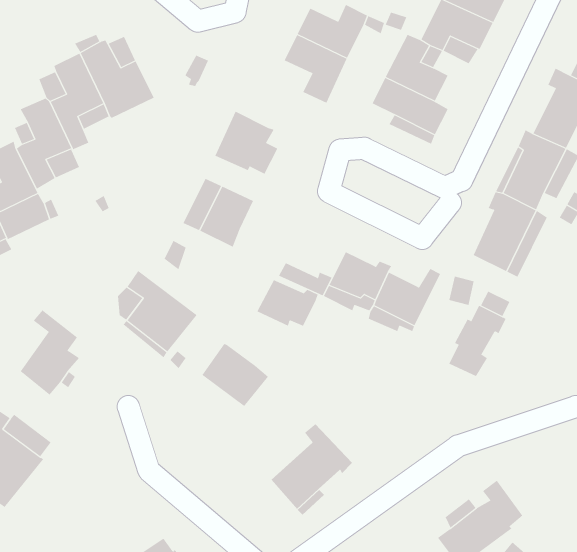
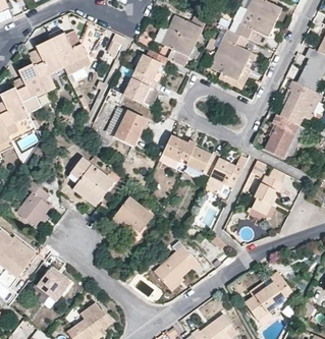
building: none -> [134,49,167,79]
building: [257,280,318,326] -> [162,135,196,161]
building: none -> [35,267,70,300]

